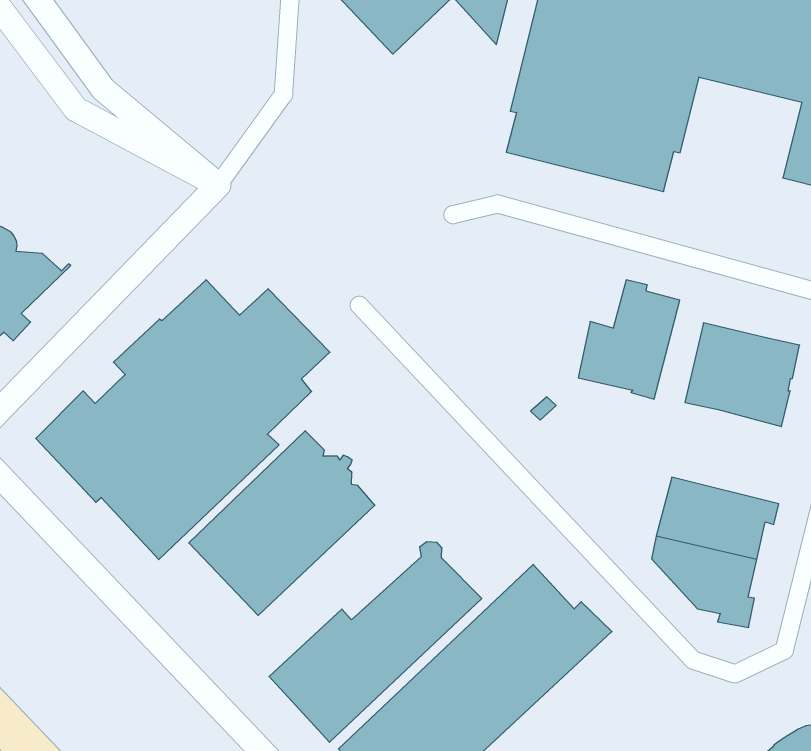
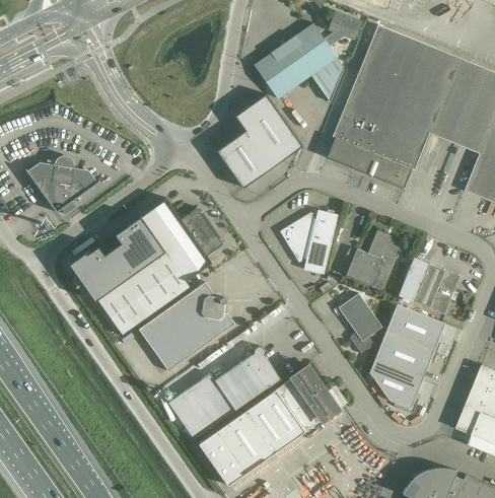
building: none -> [215,93,302,188]
building: none -> [281,209,338,274]
building: none -> [338,292,382,353]
building: none -> [385,303,444,353]

